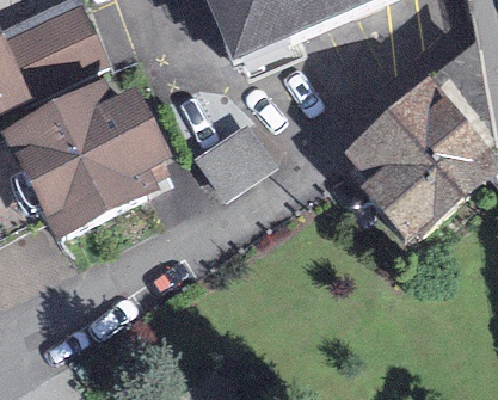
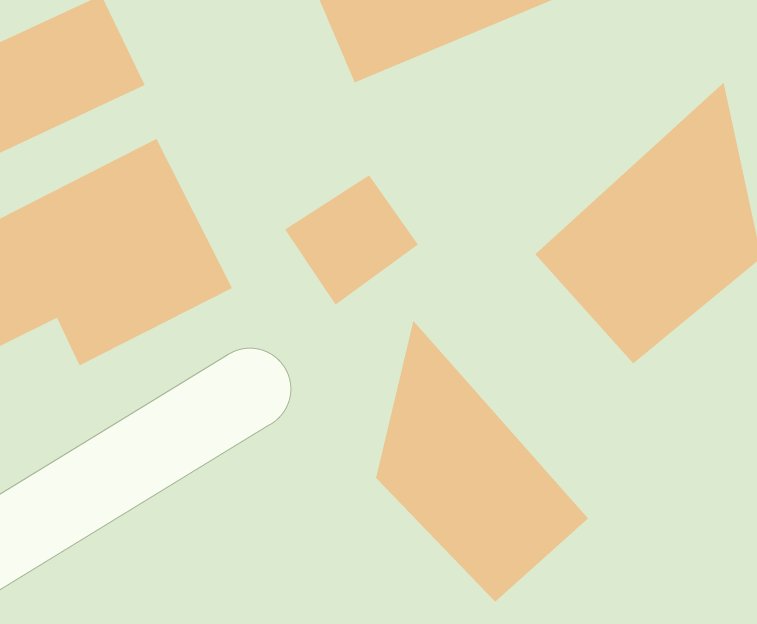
building: none -> [375,320,589,603]

